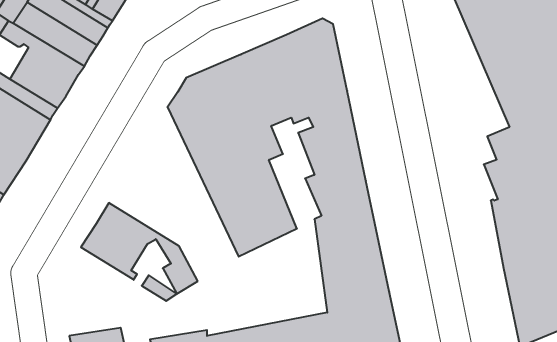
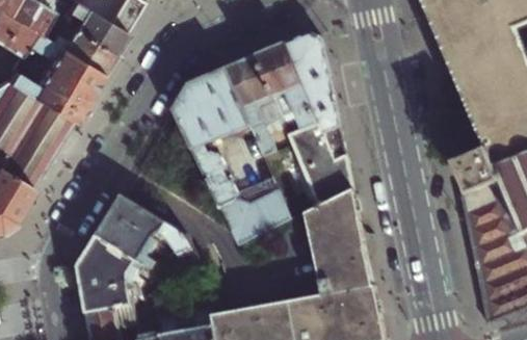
building: none -> [79,235,143,314]

